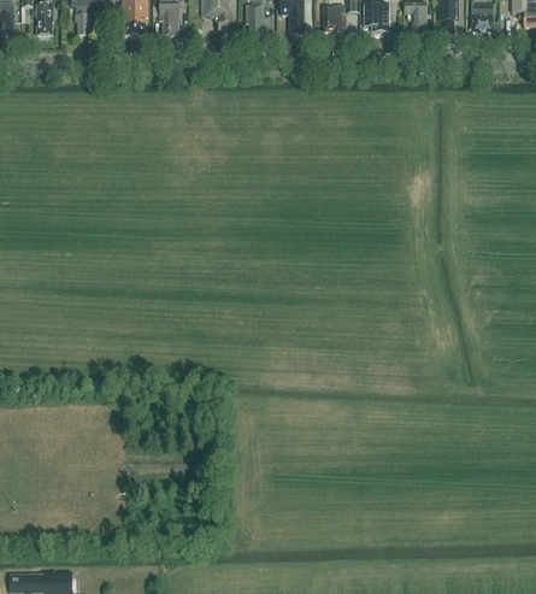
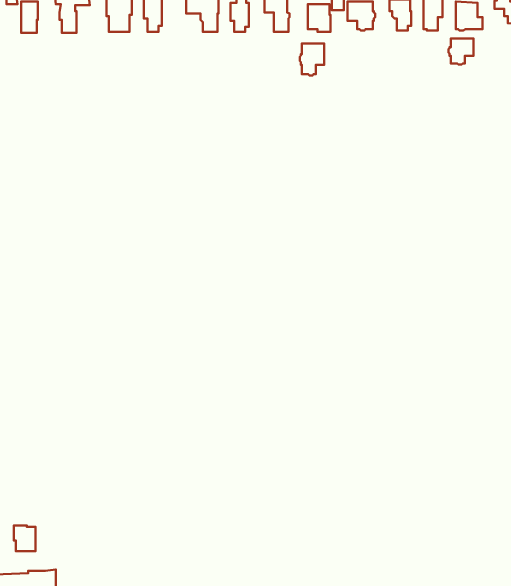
building: none -> [449,38,474,64]
building: none -> [300,43,324,75]
building: none -> [14,525,35,551]

